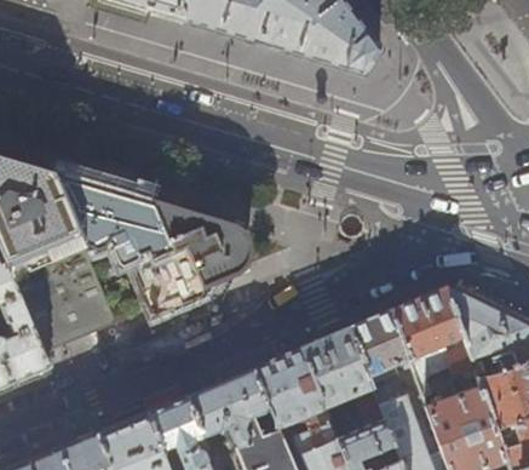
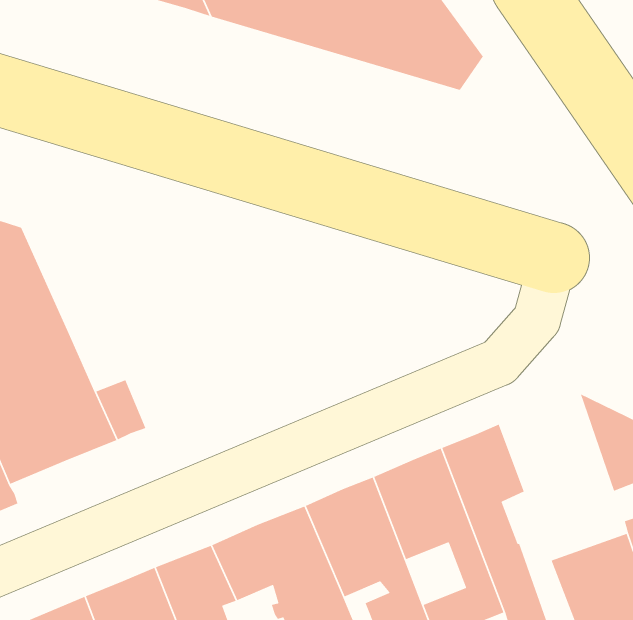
building: [52,171,240,315] -> none
building: [391,287,478,399] -> none

